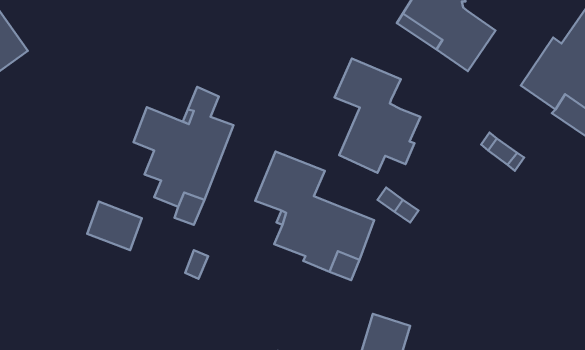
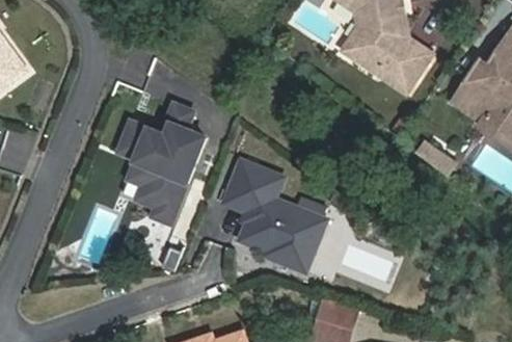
building: [334,59,420,173] -> none
building: [87,202,142,250] -> none

